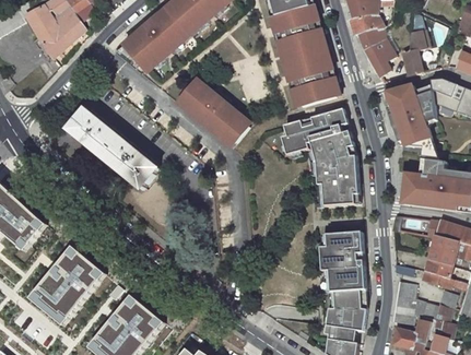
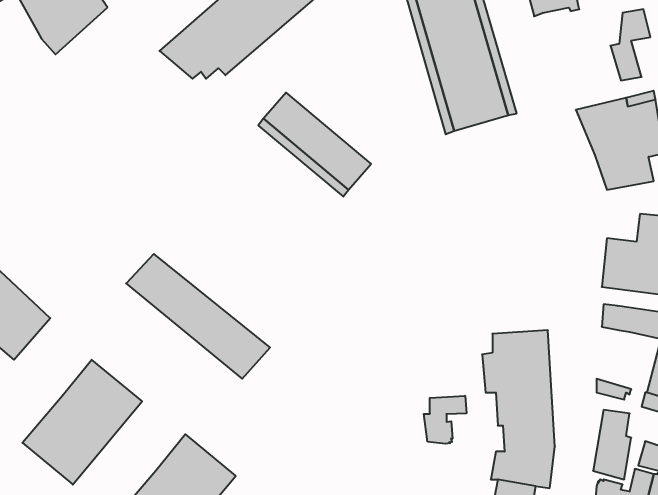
building: [357,27,393,75] -> none
building: [280,108,358,205] -> none
building: [66,109,156,188] -> [126,254,270,379]
building: none -> [424,396,466,444]

